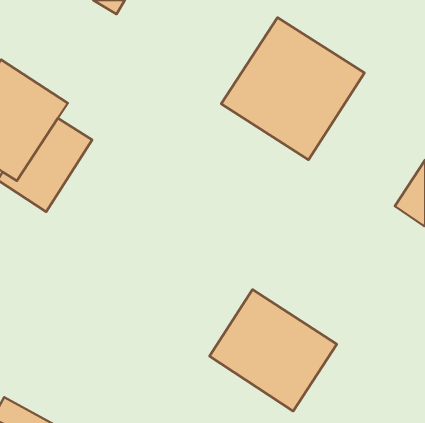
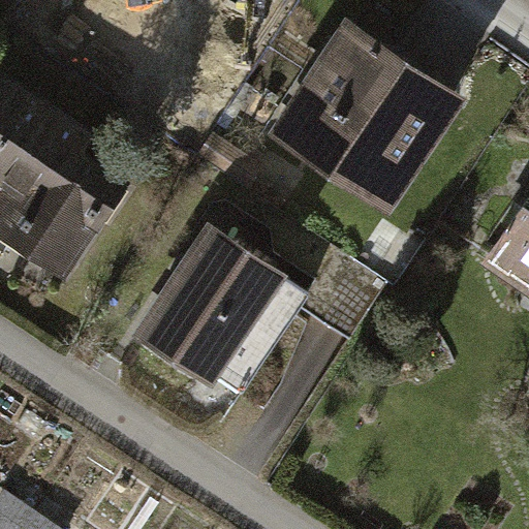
building: none -> [141,235,303,398]
building: [210,289,337,411] -> none

